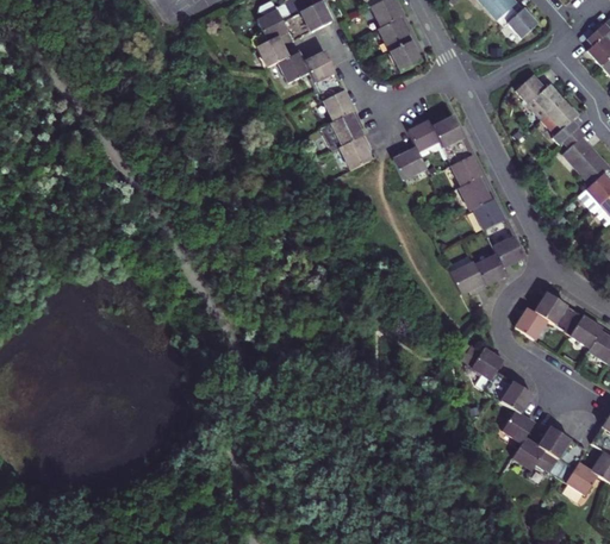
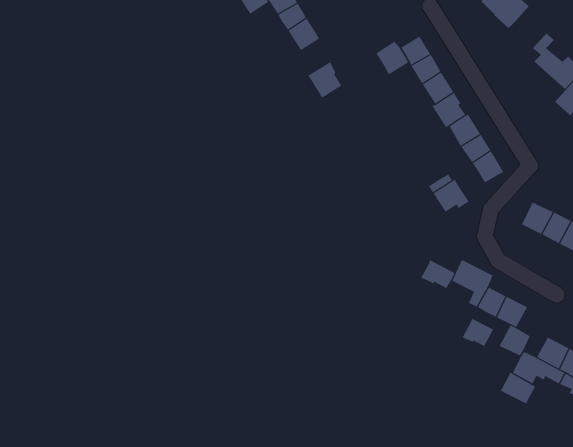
building: [547,98,578,139] -> none
building: [320,111,362,149] -> none
building: [393,144,425,176] -> none
building: [475,254,505,284] -> none
building: [516,307,548,339] -> none
building: none -> [421,259,455,289]
building: none -> [462,318,494,347]
building: none -> [500,372,536,404]

